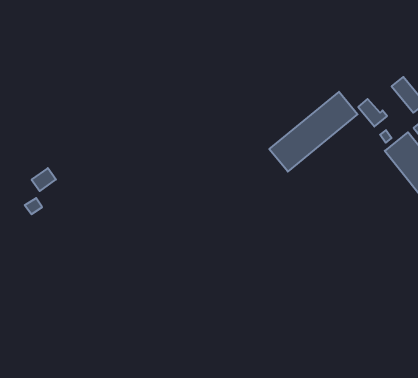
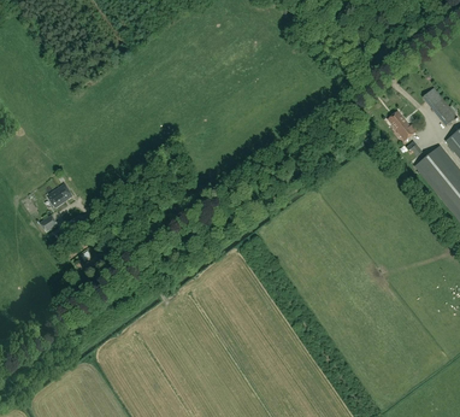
building: [269,92,358,172] -> none

